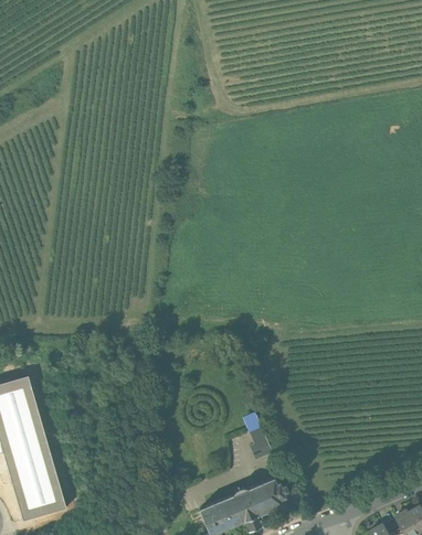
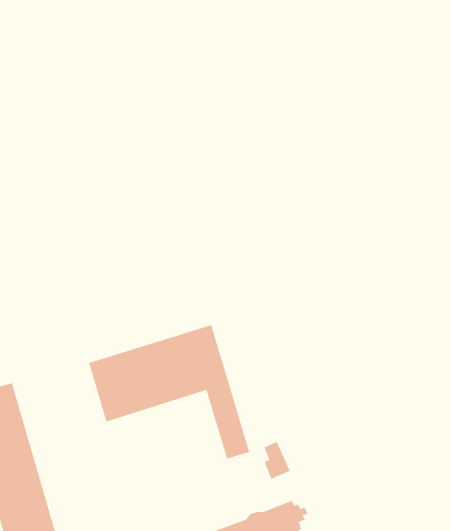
building: none -> [88,324,250,459]

